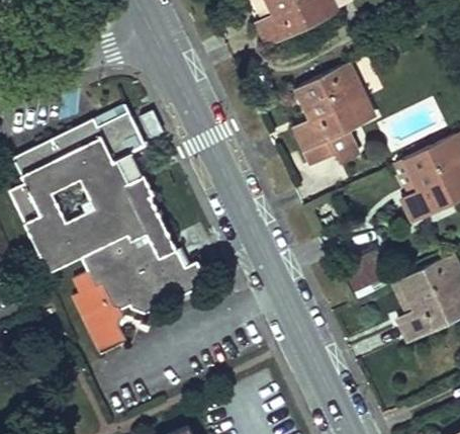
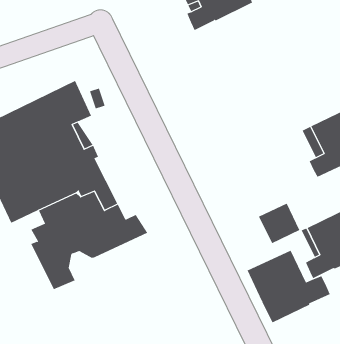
building: [293,64,373,164] -> none
building: none -> [247,250,331,323]

